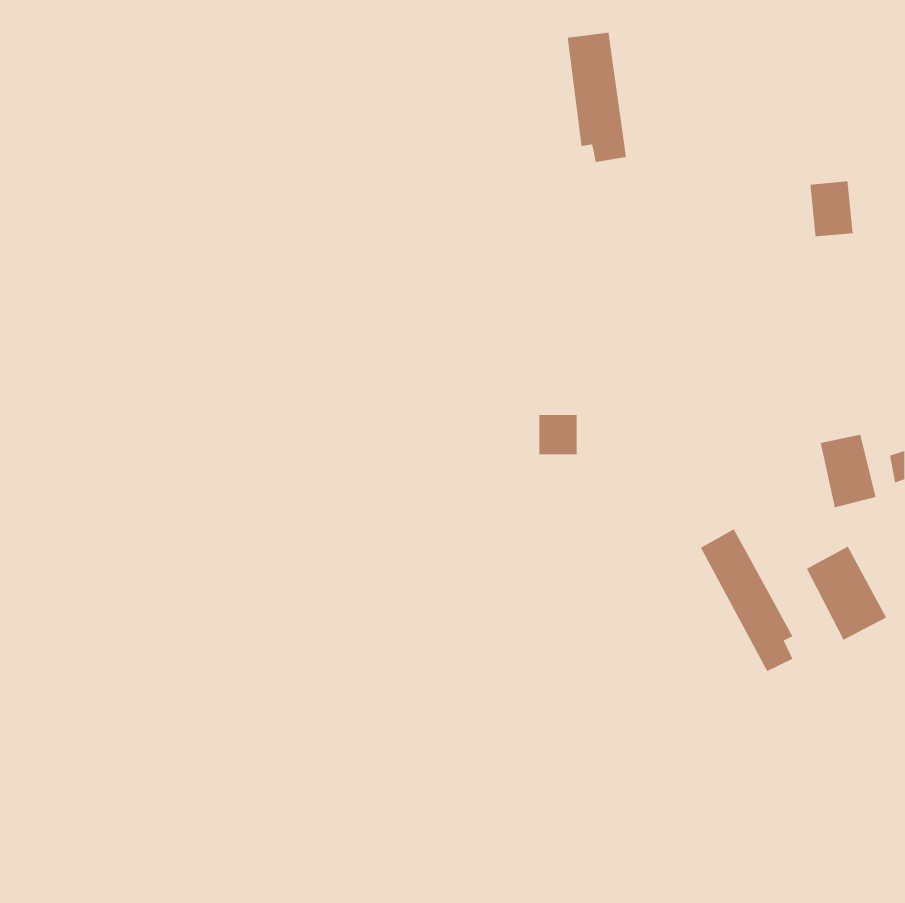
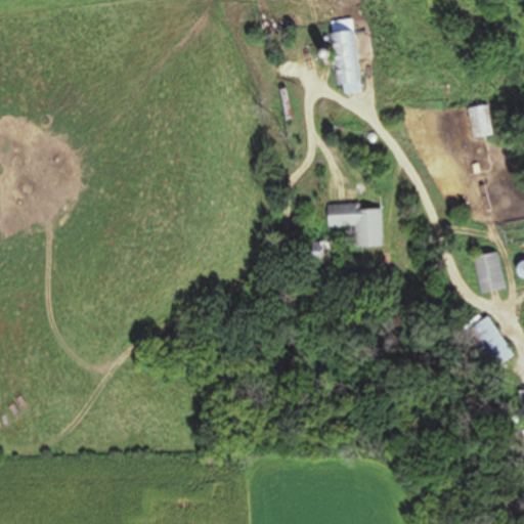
building: none -> [325,205,381,248]
building: [700,528,794,672] -> none

